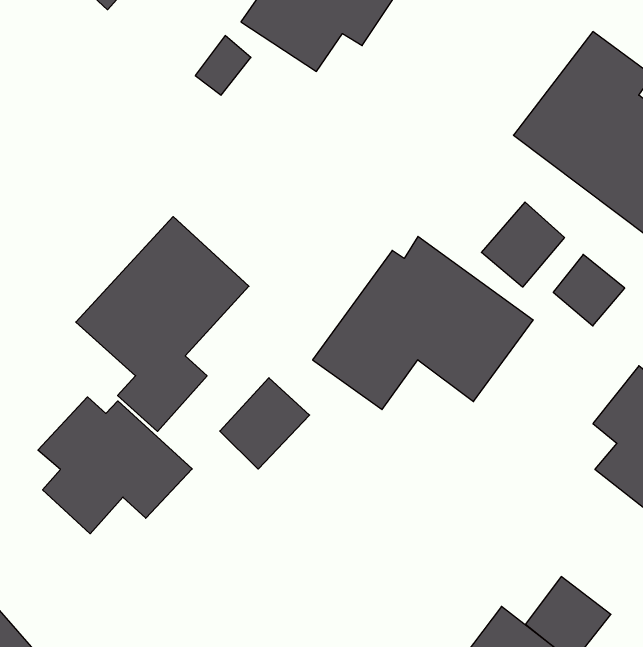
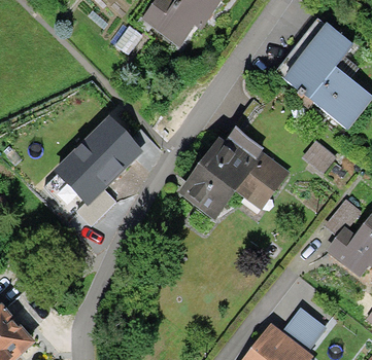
building: [481,202,564,287] -> none
building: [220,378,310,469] -> none
building: [38,397,192,534] -> none

